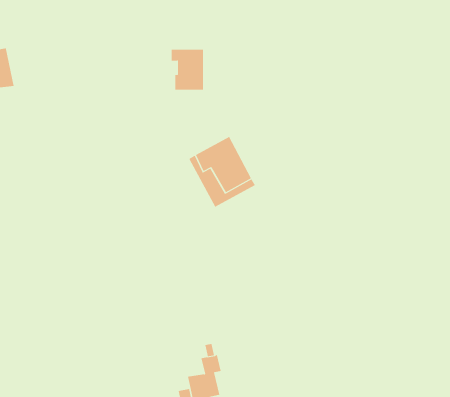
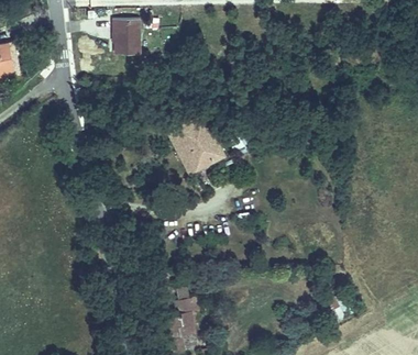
building: [171,49,204,90] -> [112,19,140,53]

